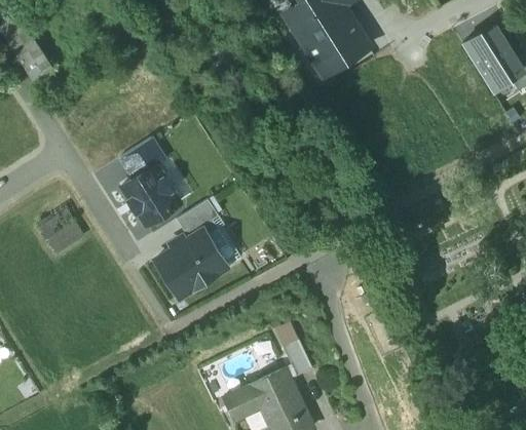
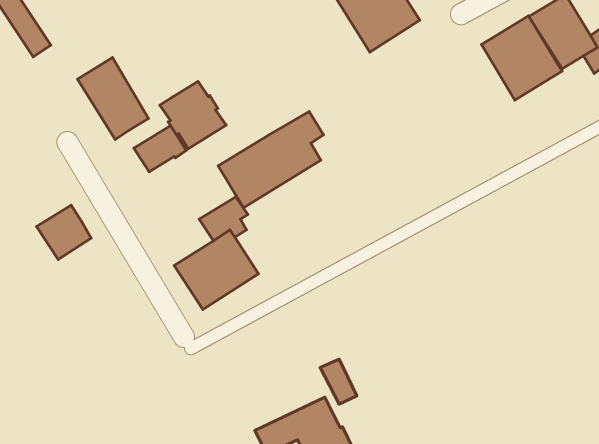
building: none -> [481,16,562,100]
building: none -> [77,58,149,139]
building: none -> [218,111,324,208]
building: [122,164,180,223] -> [160,81,226,149]

